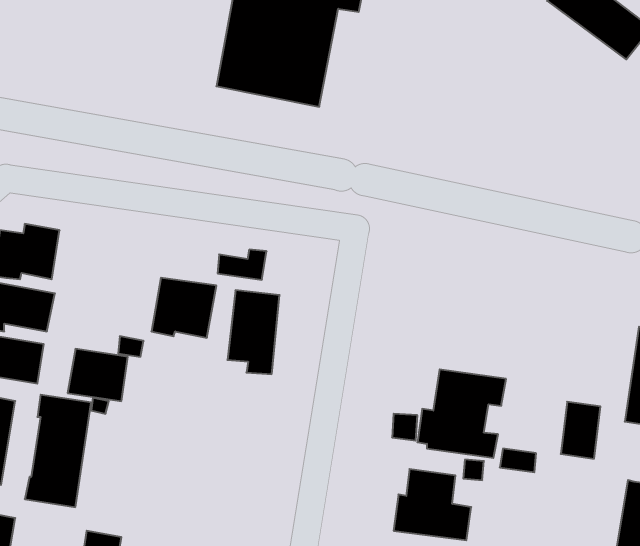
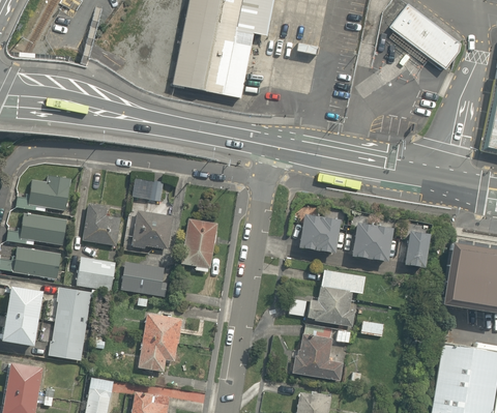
building: [218,250,267,280] -> [131,181,164,201]
building: none -> [84,202,122,245]
building: none -> [297,213,338,253]
building: none -> [351,223,391,260]
building: none -> [122,260,169,296]
building: [561,402,600,459] -> [402,229,428,266]
building: none -> [138,314,183,372]

